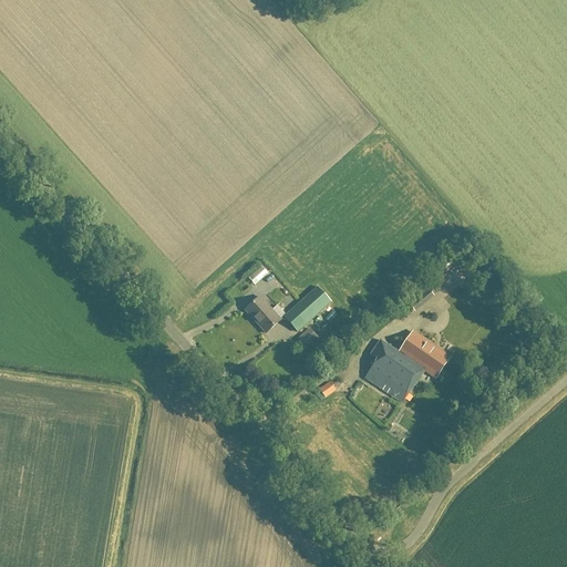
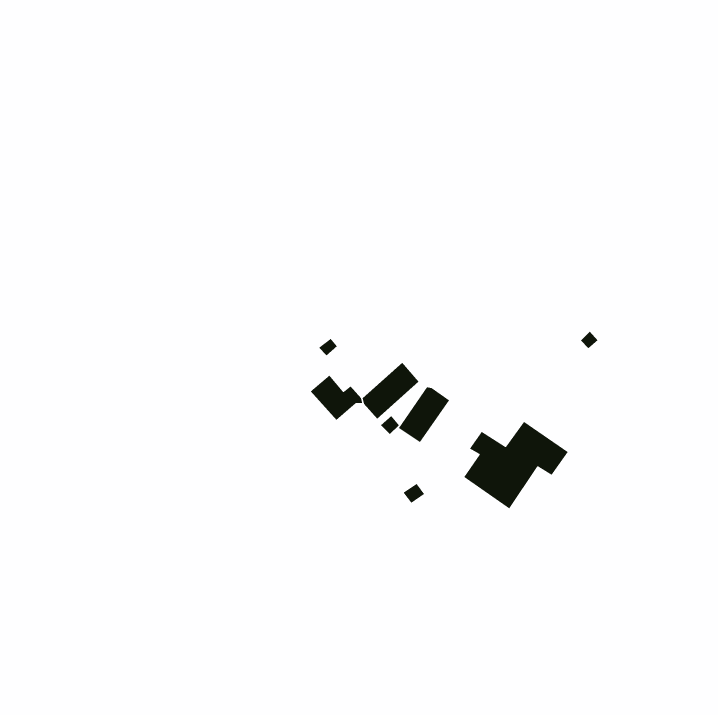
building: none -> [398,387,450,443]

